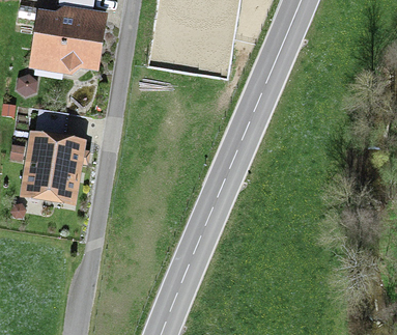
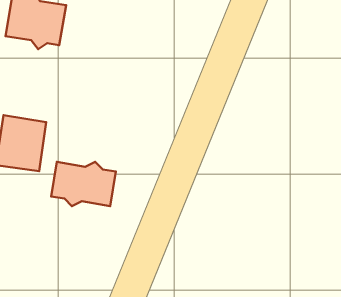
building: none -> [51,162,116,206]

